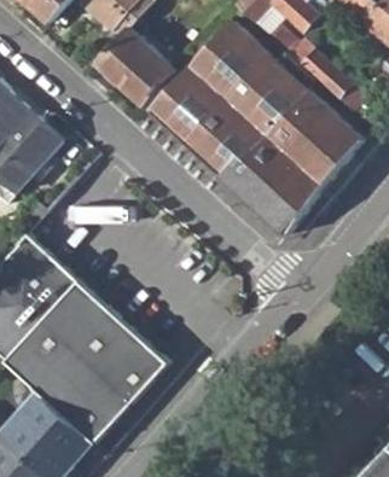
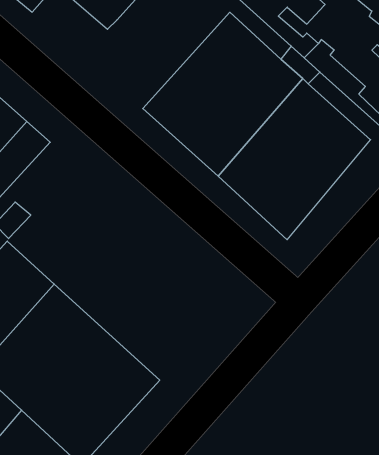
building: [95,28,173,103] -> none

